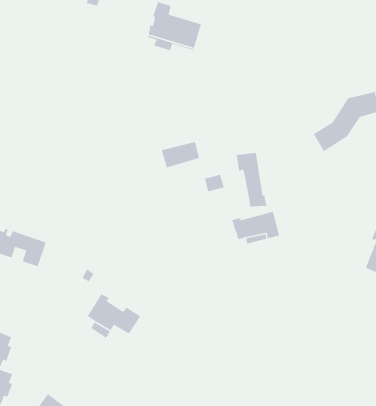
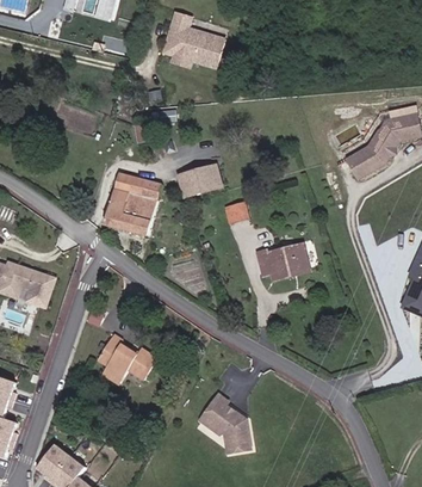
building: none -> [105,172,161,234]
building: [236,152,267,207] -> none
building: none -> [200,394,250,451]

